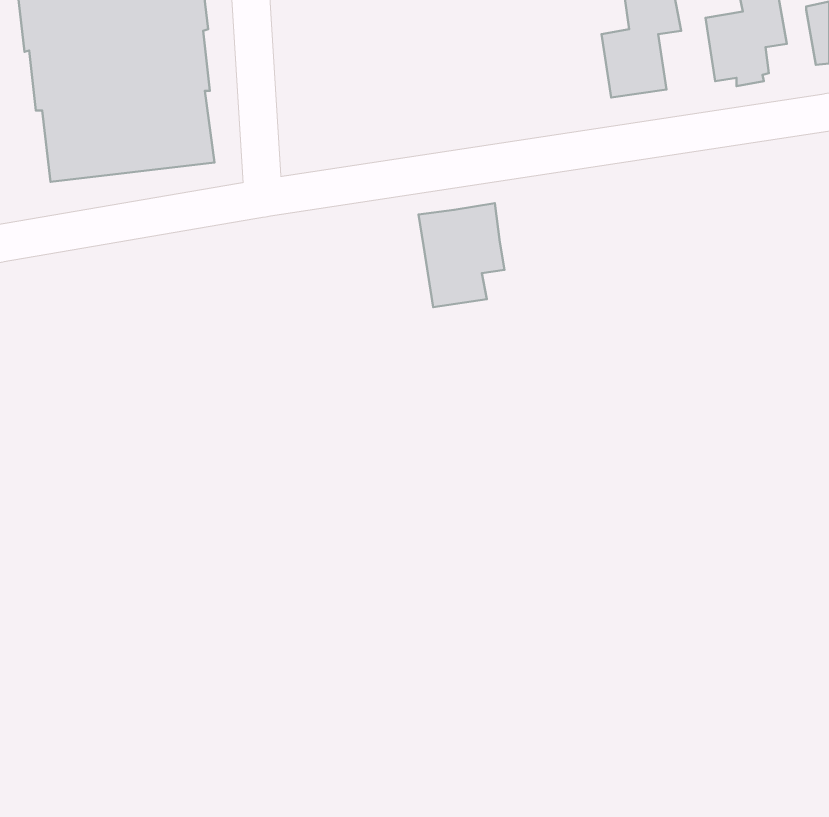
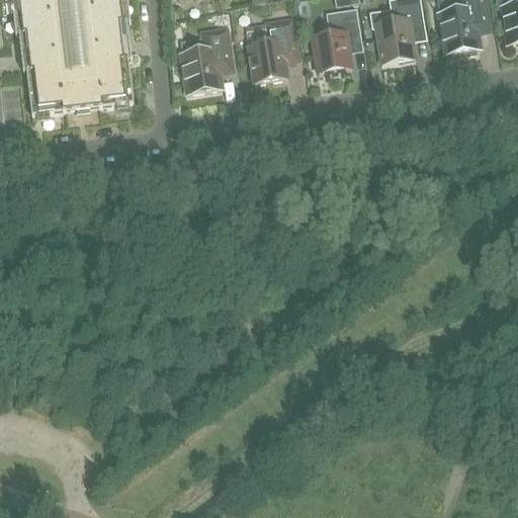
building: none -> [312,5,359,71]
building: none -> [181,25,233,91]
building: [419,203,505,307] -> [245,16,298,81]

